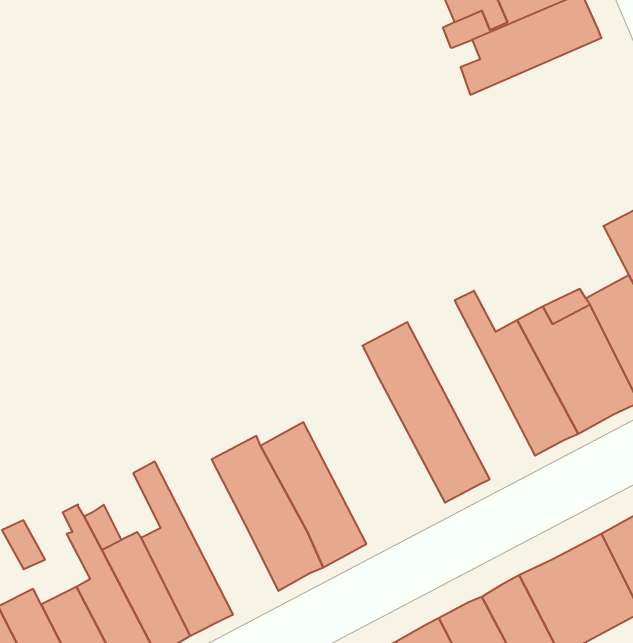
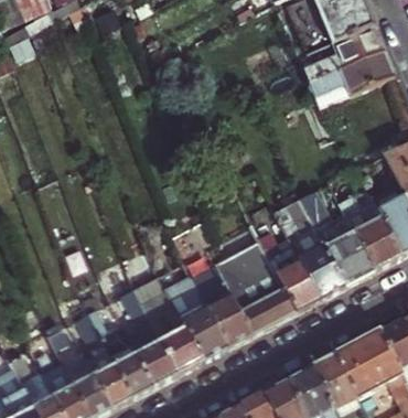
building: none -> [308,50,391,106]
building: none -> [273,197,344,298]
building: none -> [211,238,293,334]
building: none -> [130,276,200,374]

